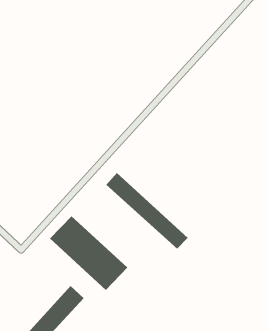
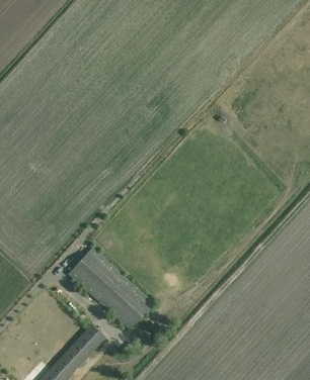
building: [106,172,189,250] -> none

